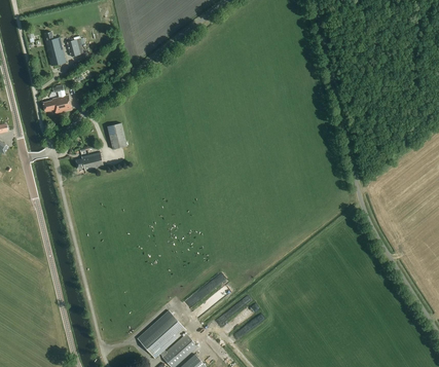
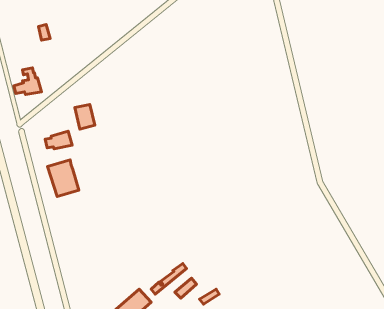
building: [44,31,65,65] -> none
building: none -> [48,160,79,196]

